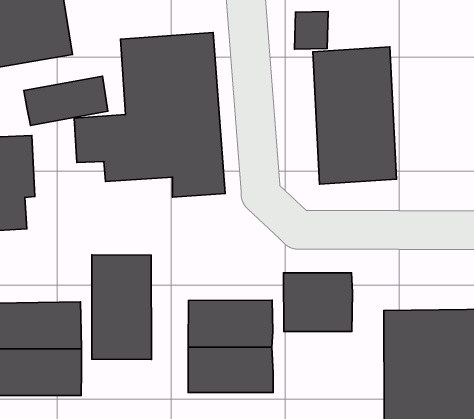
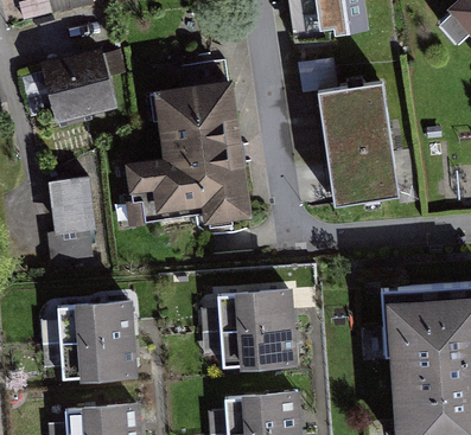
building: [24,76,108,125] -> none
building: [92,255,151,360] -> none
building: [283,273,352,332] -> none

